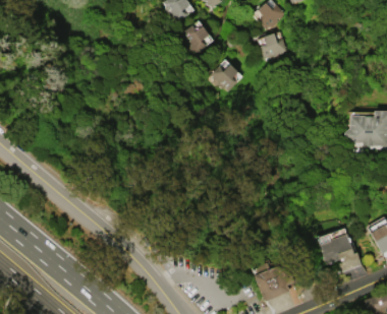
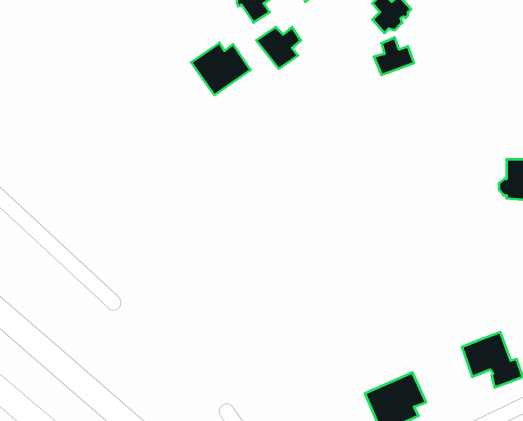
building: none -> [191,43,251,95]
building: [212,64,238,91] -> none

